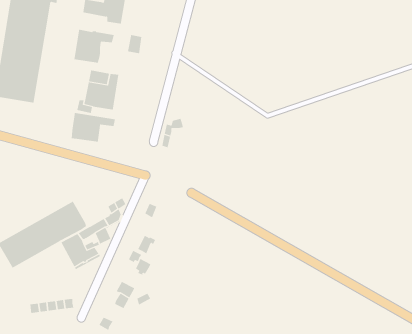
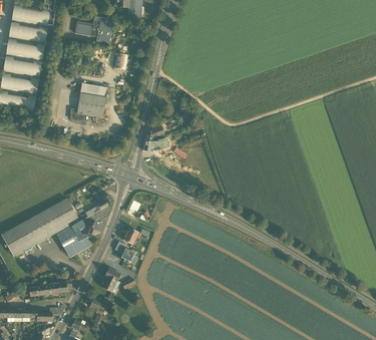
building: [74,29,114,63] -> none
building: [71,112,116,142] -> none

